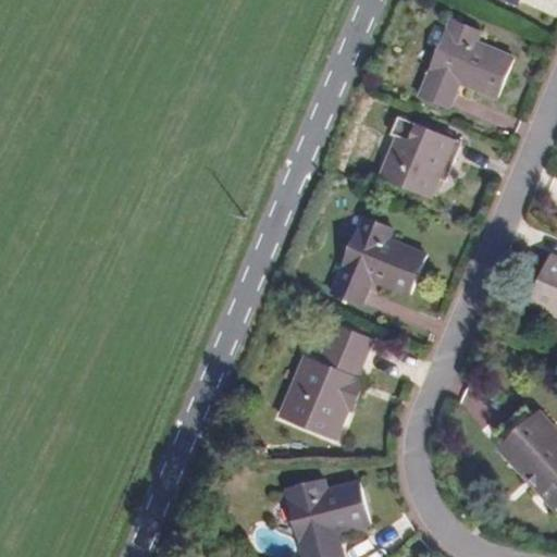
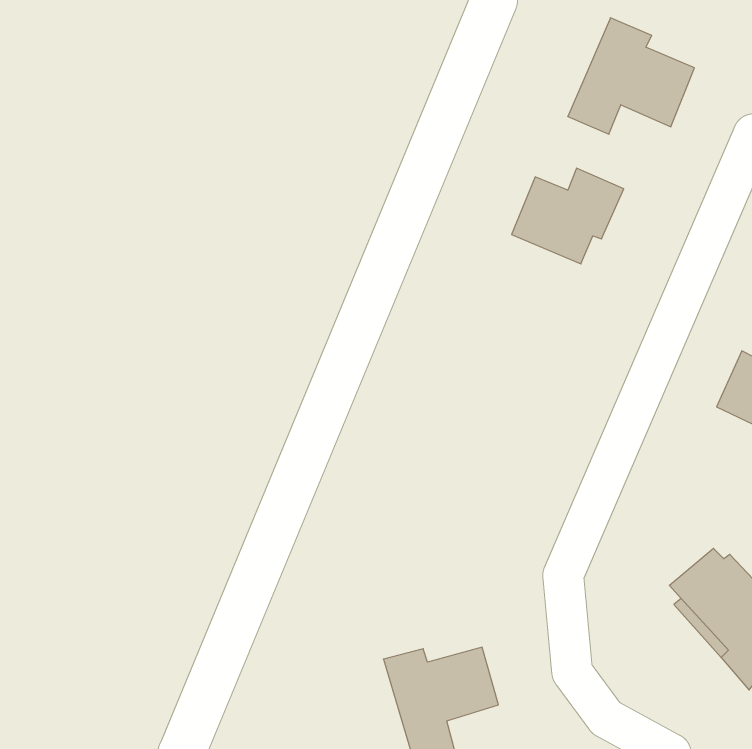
building: [331,216,429,306] -> none
building: [280,323,373,438] -> none

